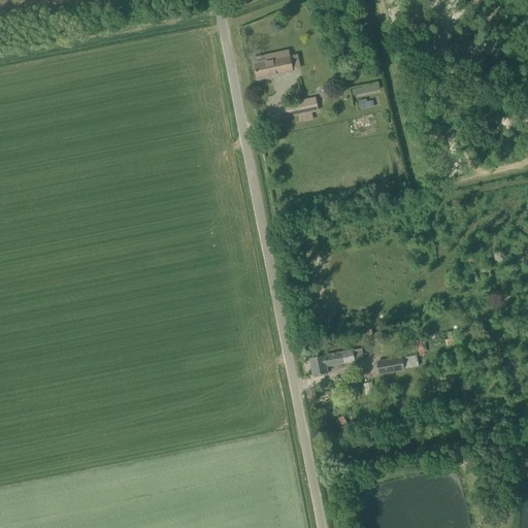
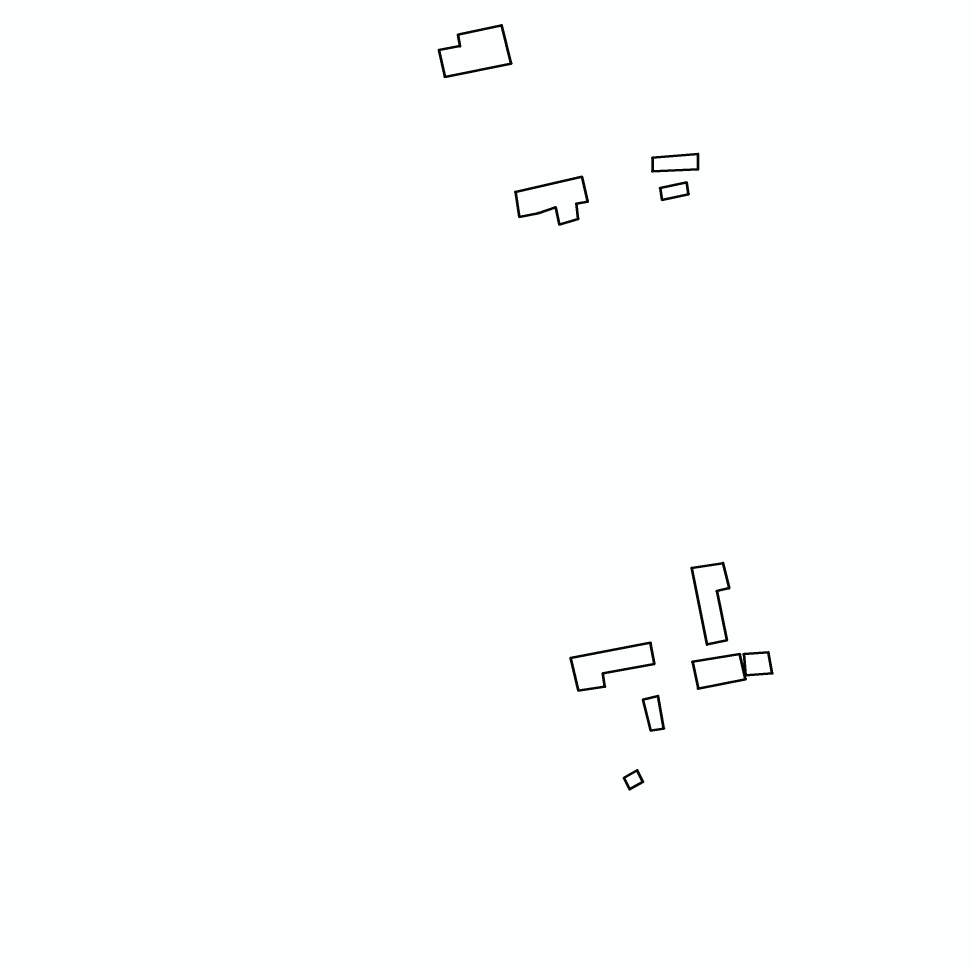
building: [255,50,294,77] -> [439,25,511,77]
building: none -> [692,563,729,645]

